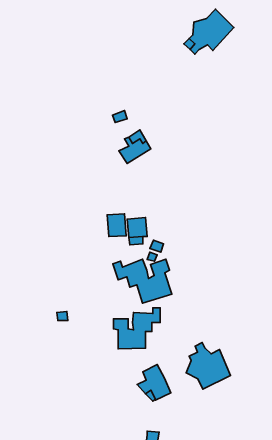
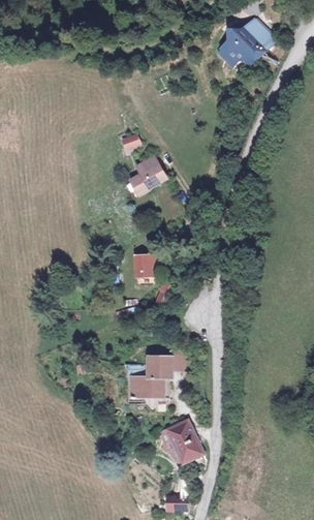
building: [113,259,172,303] -> none
building: [186,343,231,389] -> none

